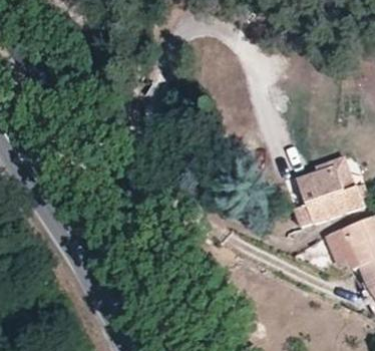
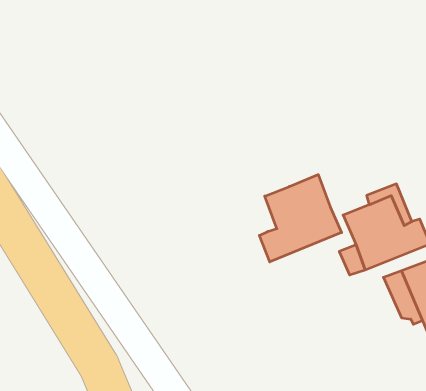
building: none -> [259,175,342,262]

